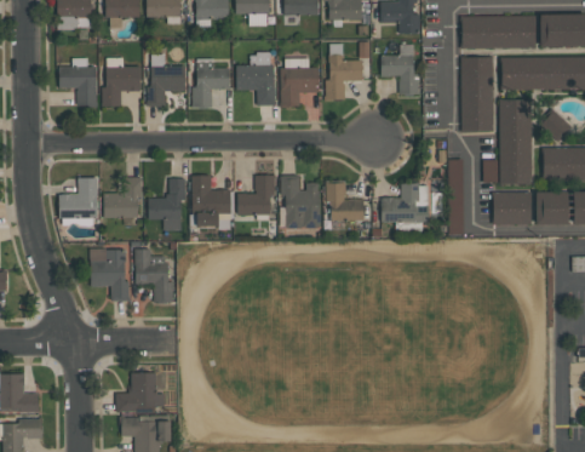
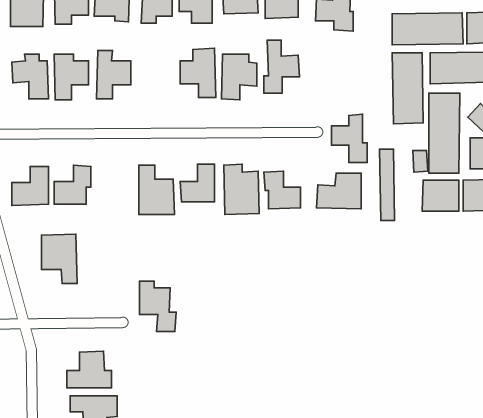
building: [382,44,419,95] -> [332,114,367,162]
building: [193,58,230,107] -> none
building: [149,177,184,230] -> none
building: [136,248,174,302] -> [139,281,176,332]

